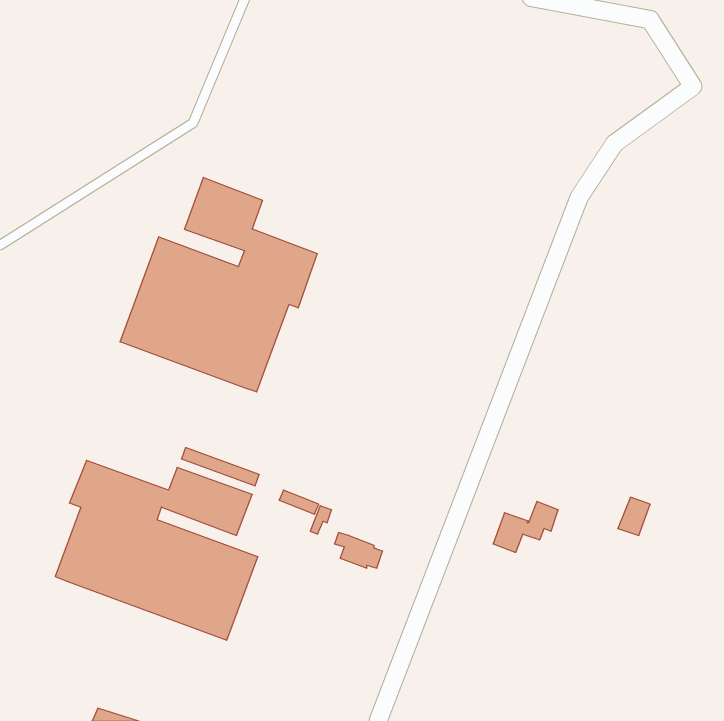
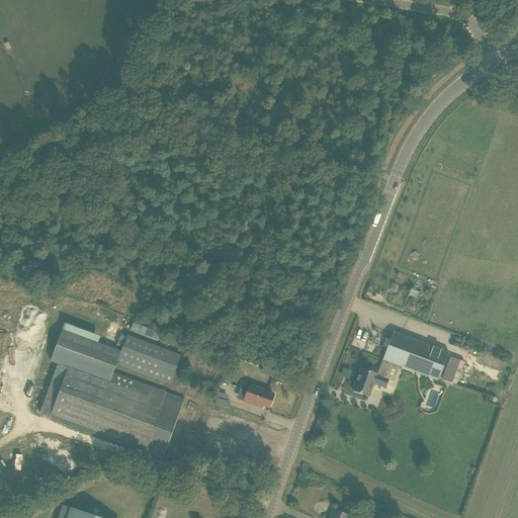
building: [120,177,317,392] -> none
building: none -> [382,330,449,379]

